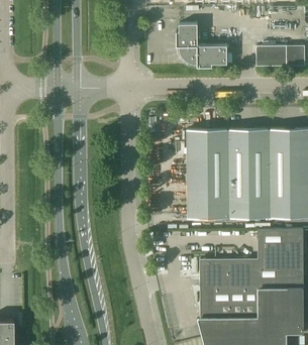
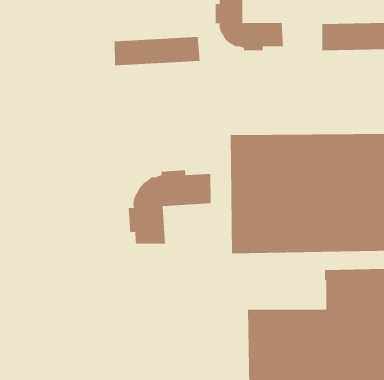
building: none -> [114,36,200,66]
building: none -> [128,170,211,245]

